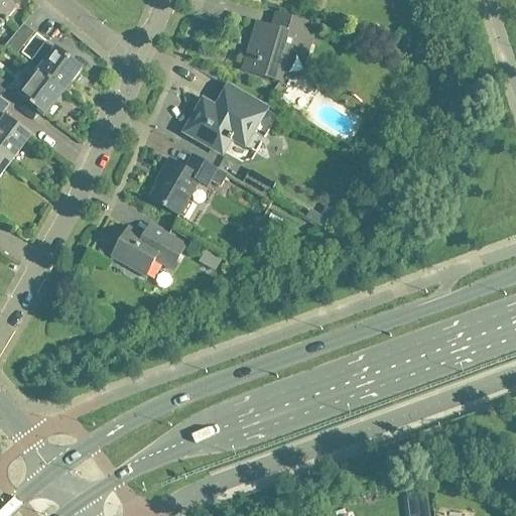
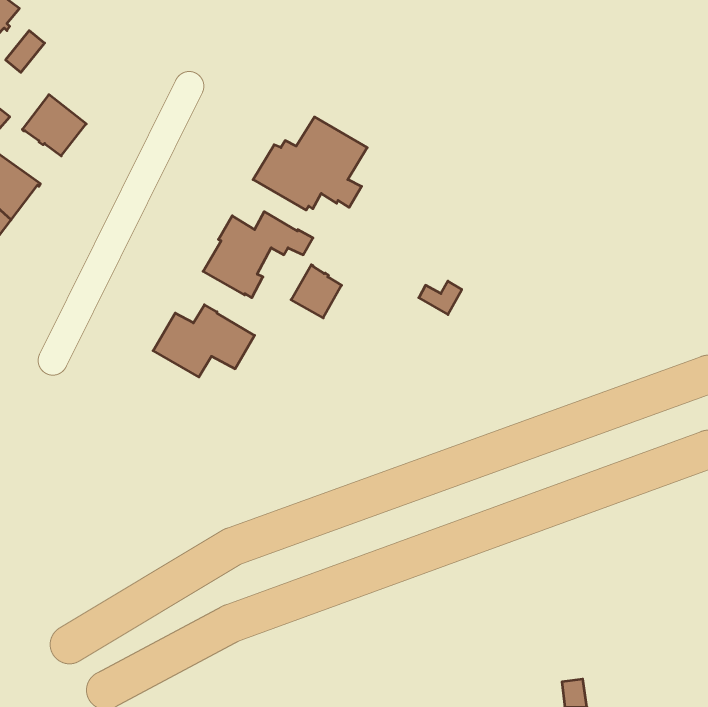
building: [241,10,314,80] -> none
building: [26,39,80,90] -> none
building: none -> [291,265,342,318]

